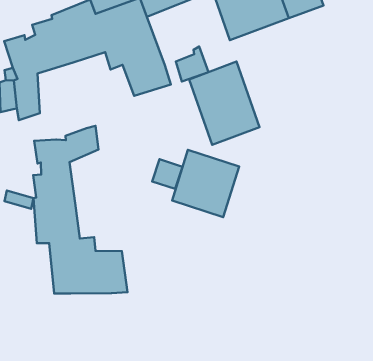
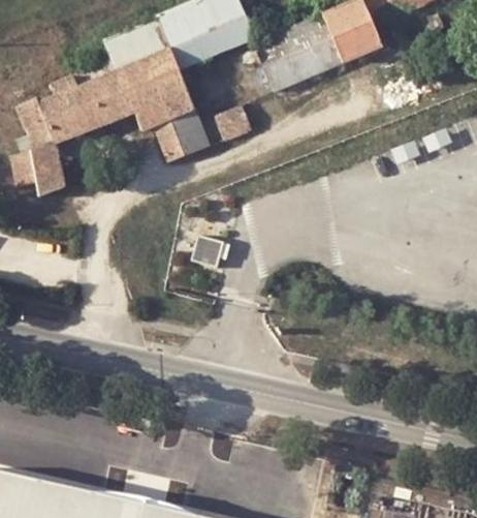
building: [189,62,260,145] -> none
building: [33,126,128,294] -> none
building: [172,150,239,217] -> none

